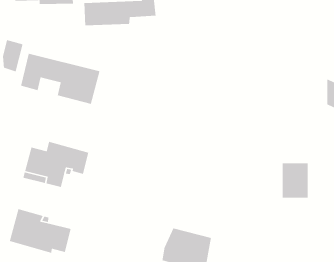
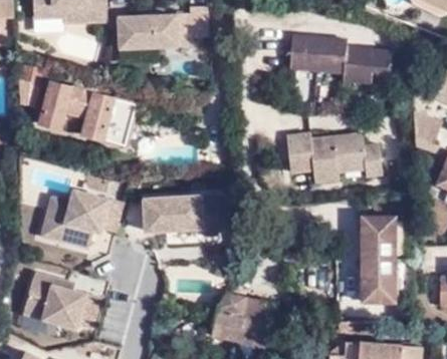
building: none -> [290,36,392,83]
building: none -> [289,133,384,183]
building: none -> [144,195,217,235]
building: none -> [362,260,395,302]

